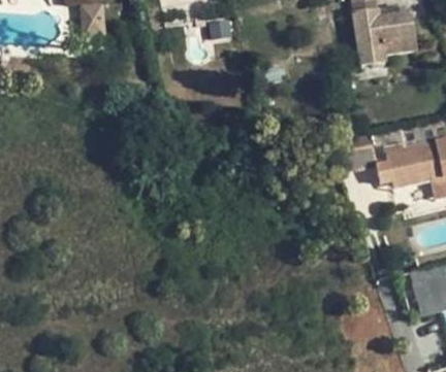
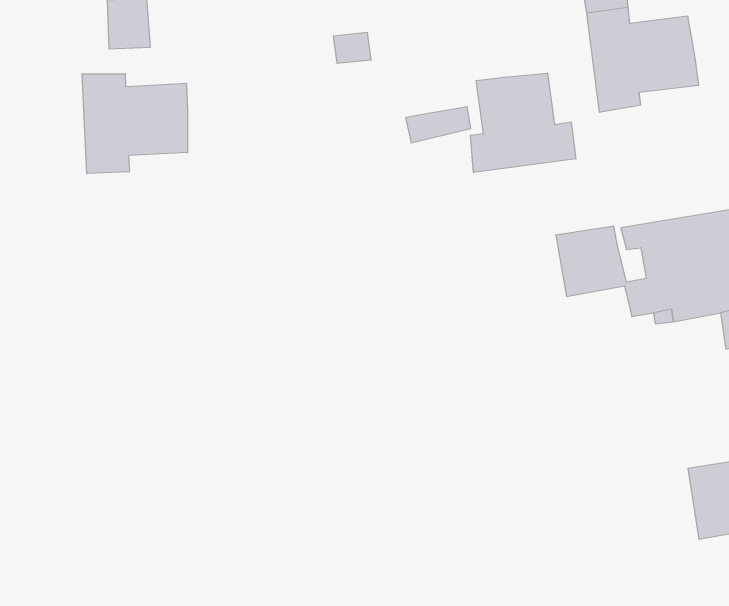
building: none -> [471,73,576,173]
building: none -> [82,74,188,174]

